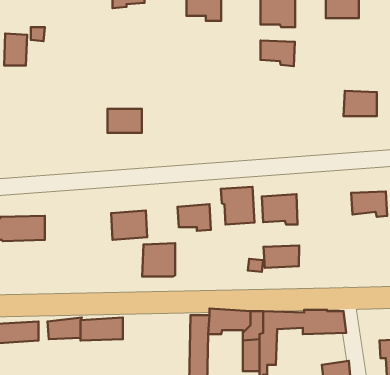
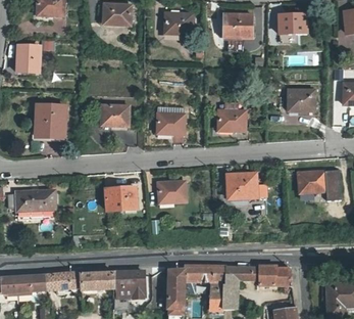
building: [261,41,295,66] -> [219,108,247,129]
building: none -> [37,104,66,135]
building: none -> [158,110,186,131]
building: [221,187,255,224] -> none
building: [142,243,175,276] -> [117,271,144,298]
building: [264,246,299,268] -> none

